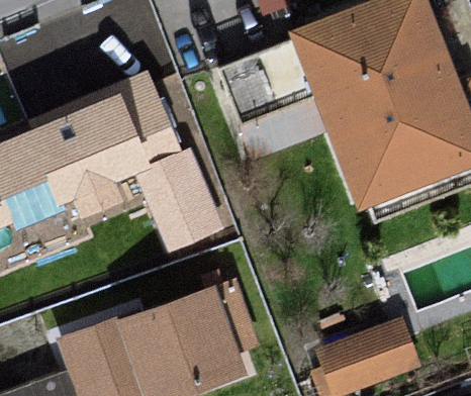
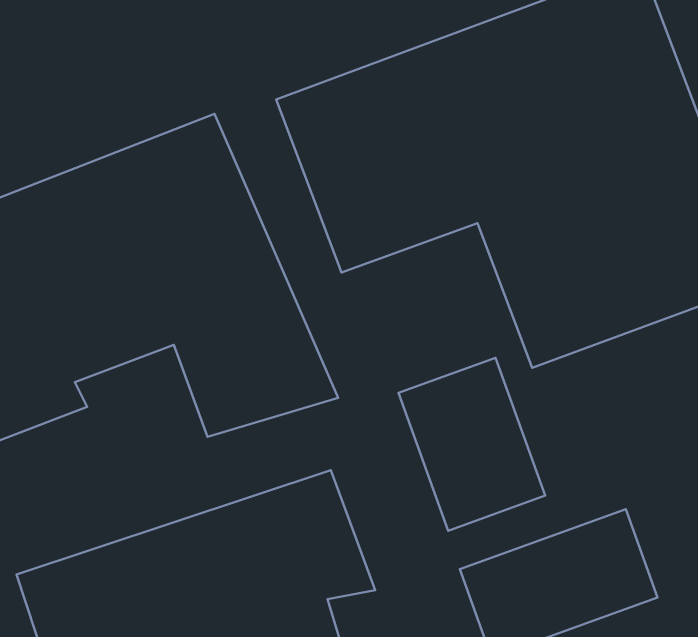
building: none -> [398,358,545,531]

